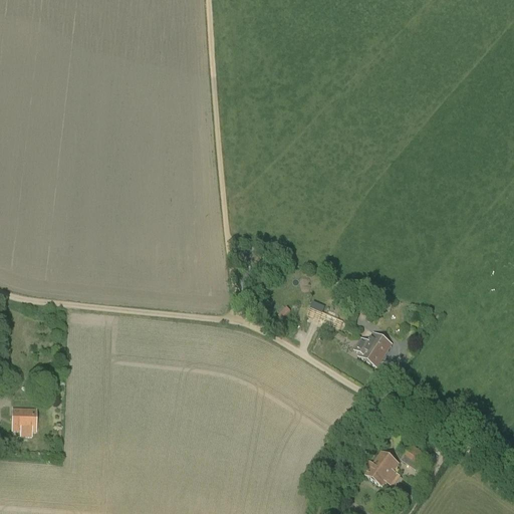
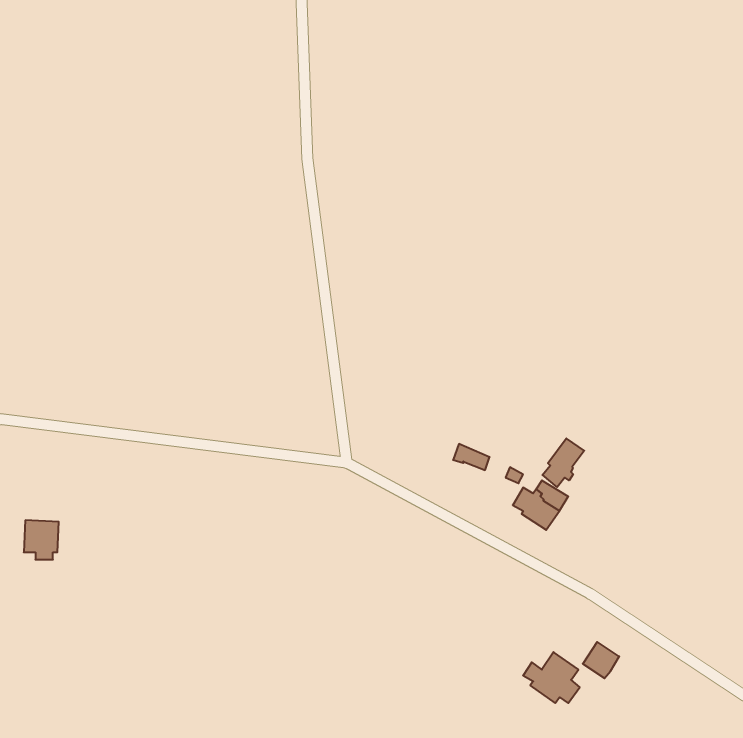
building: none -> [542,438,584,487]
building: [13,408,37,435] -> [24,520,59,560]

